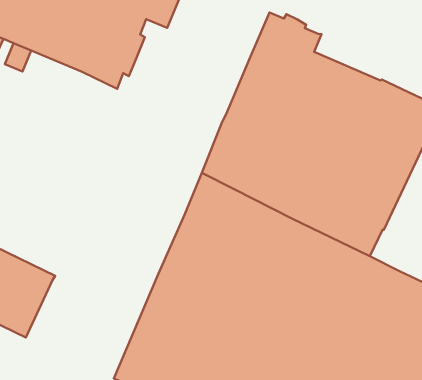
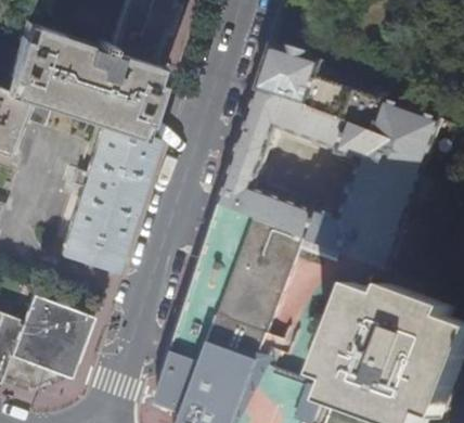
building: none -> [56,120,153,270]

